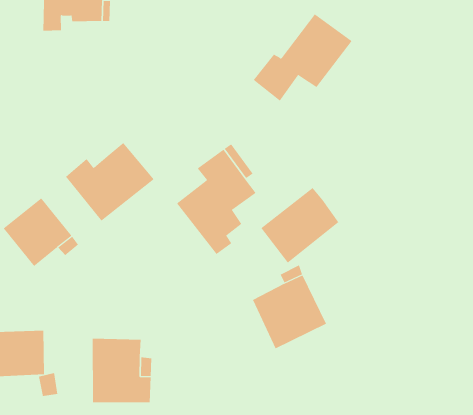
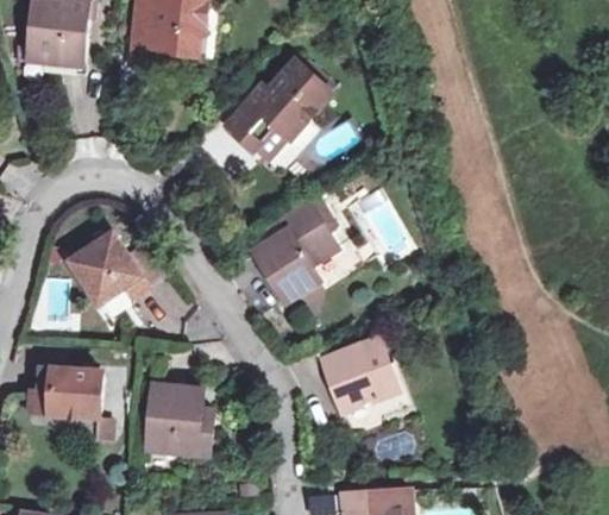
building: [253,14,353,101] -> [224,61,331,149]
building: [65,142,154,221] -> none
building: [260,187,339,264] -> none

